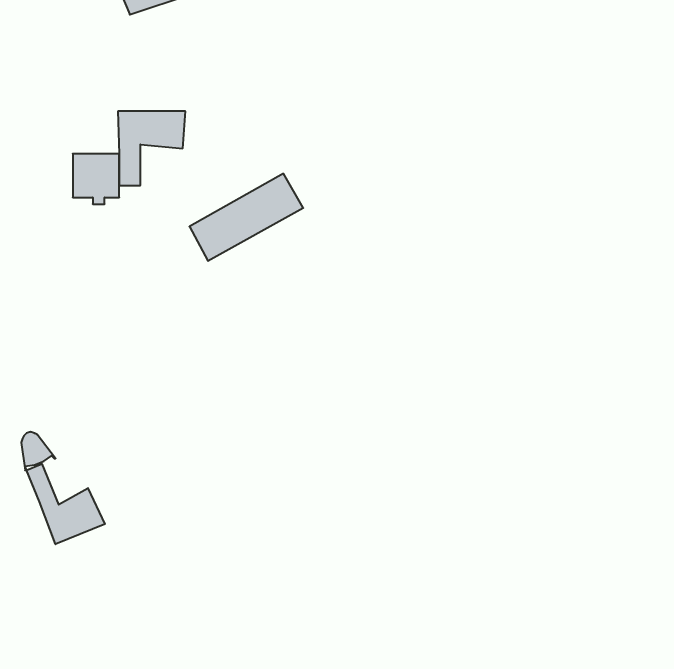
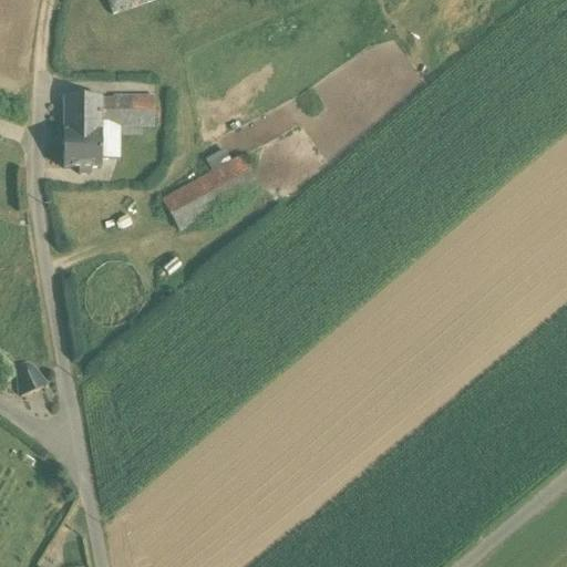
building: none -> [64,93,102,128]
building: [26,464,105,544] -> none

